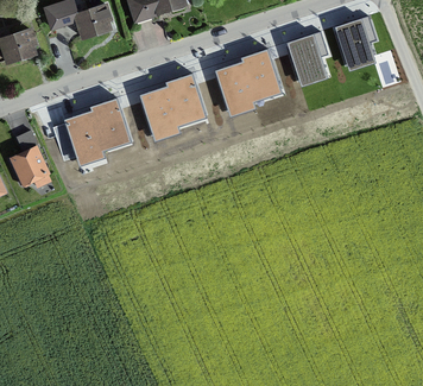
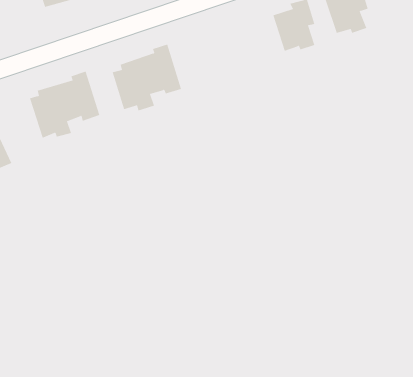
building: [216,49,282,109] -> none

